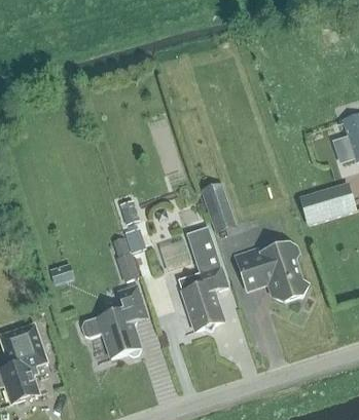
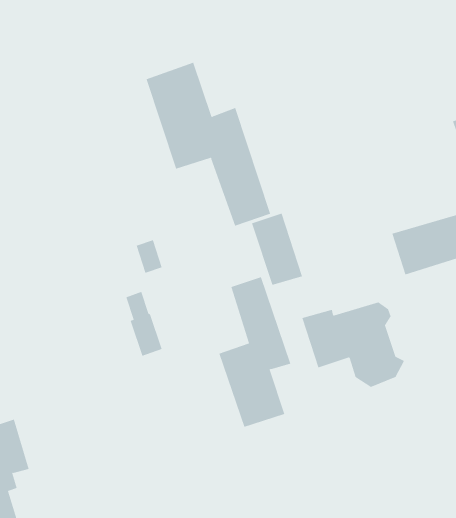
building: none -> [146,62,271,226]
building: [81,284,147,357] -> none

